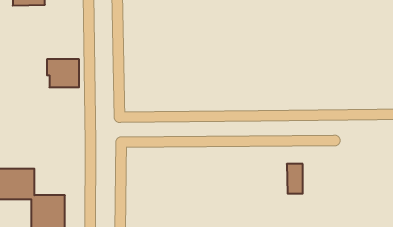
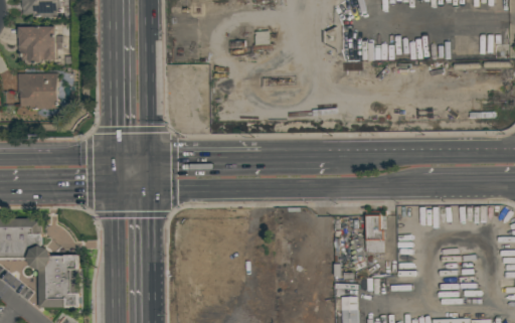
building: none -> [18,26,55,63]
building: [47,59,79,87] -> [16,73,56,109]

